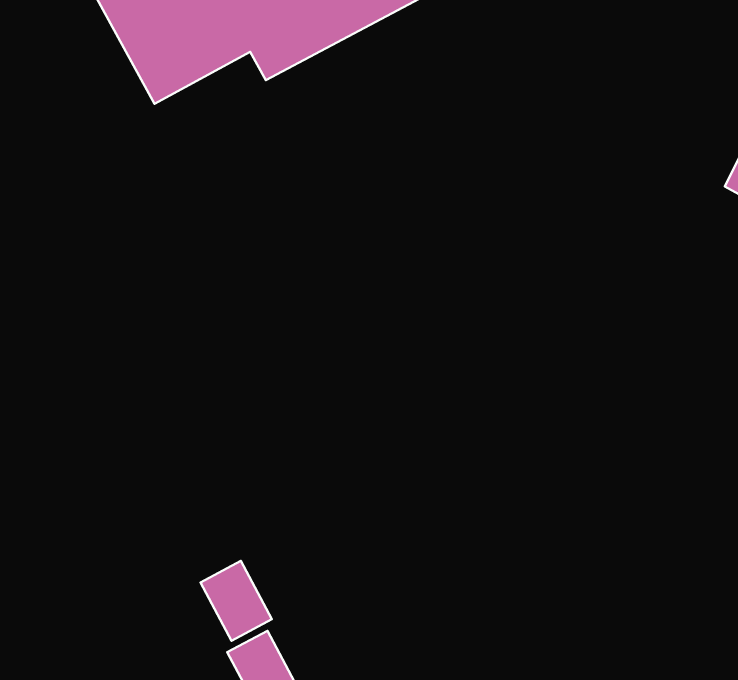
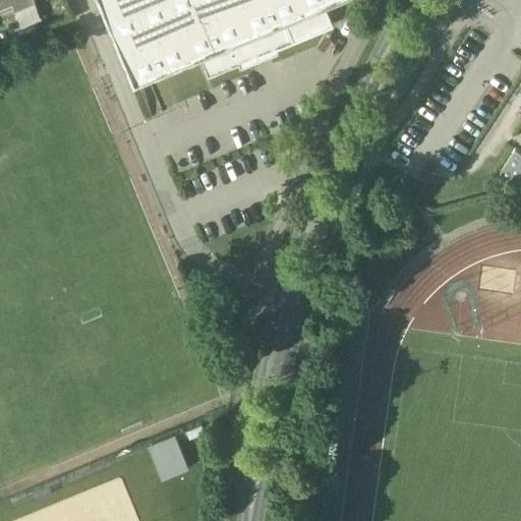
building: [200,561,272,641] -> none

